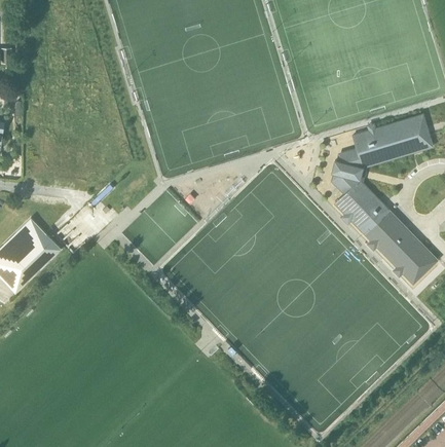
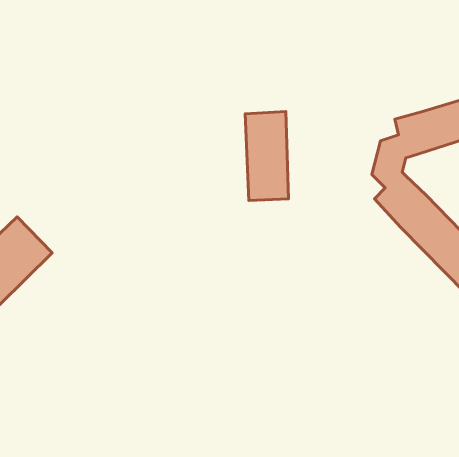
building: none -> [245,112,289,200]

